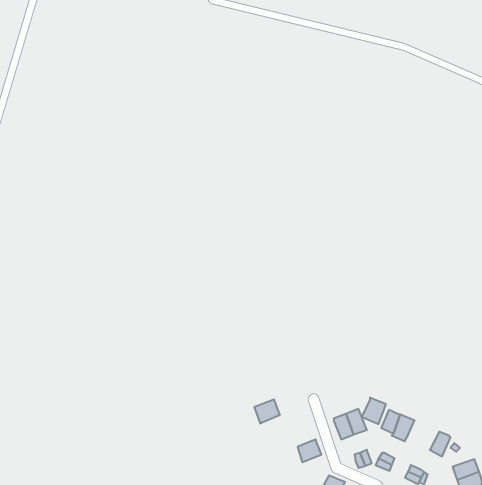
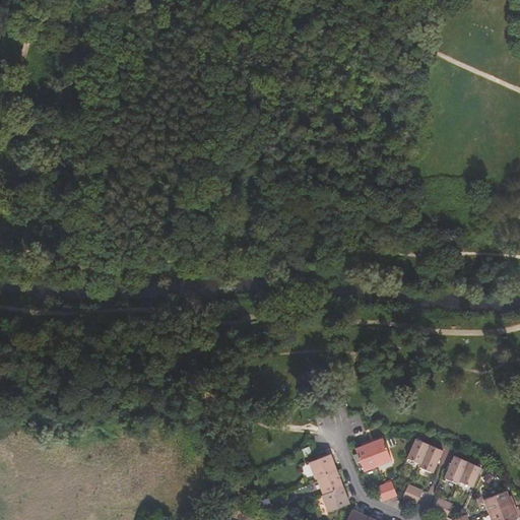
building: [362,397,386,424] -> none
building: [254,400,280,423] -> [310,454,337,479]
building: none -> [445,456,469,484]
building: none -> [322,486,349,511]

